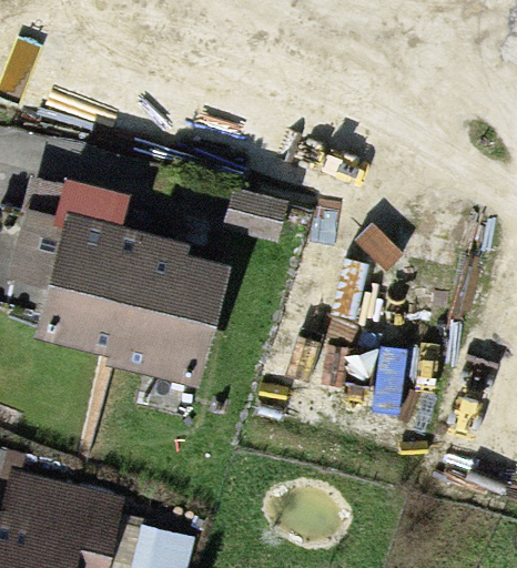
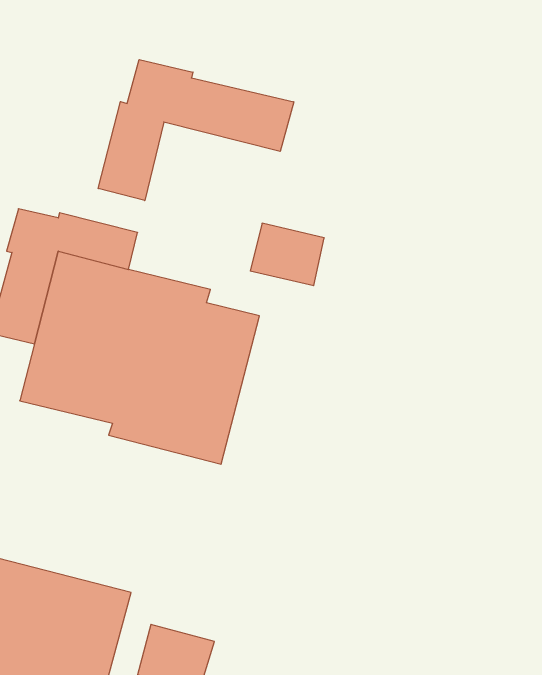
building: none -> [98,60,294,201]

